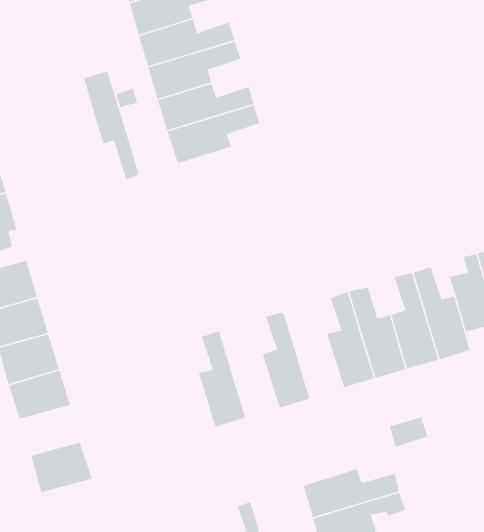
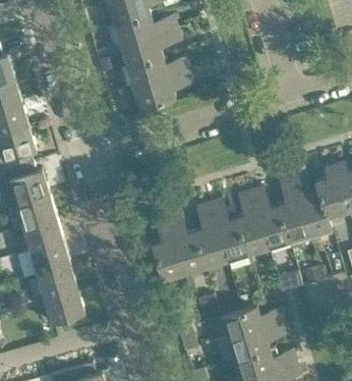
building: [83,70,140,180] -> none
building: none -> [210,200,248,261]
building: none -> [168,212,207,273]
building: none -> [38,265,77,297]

